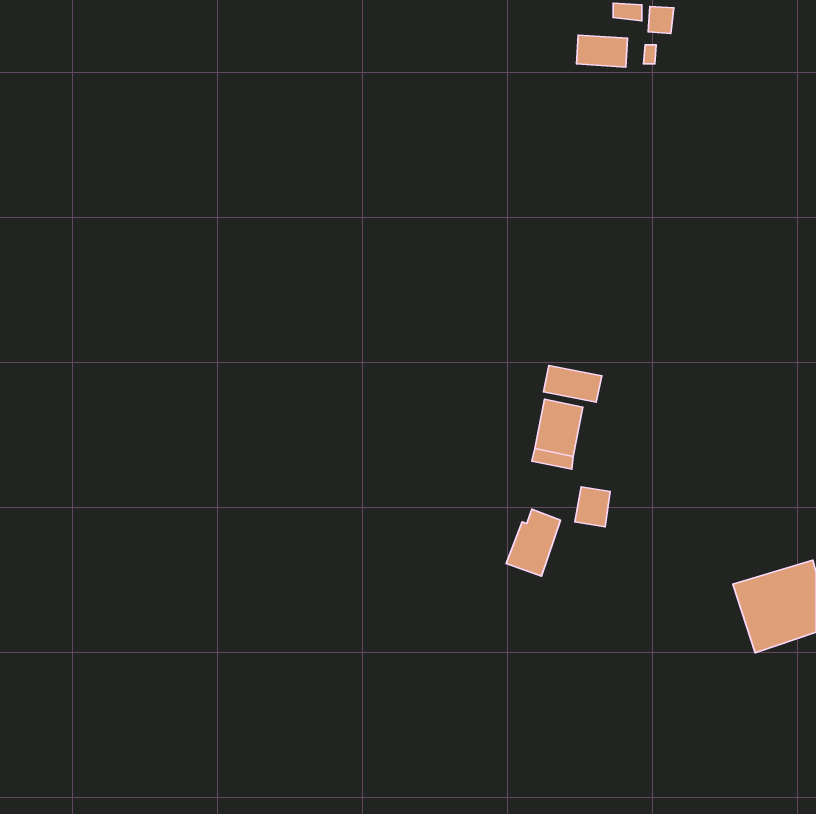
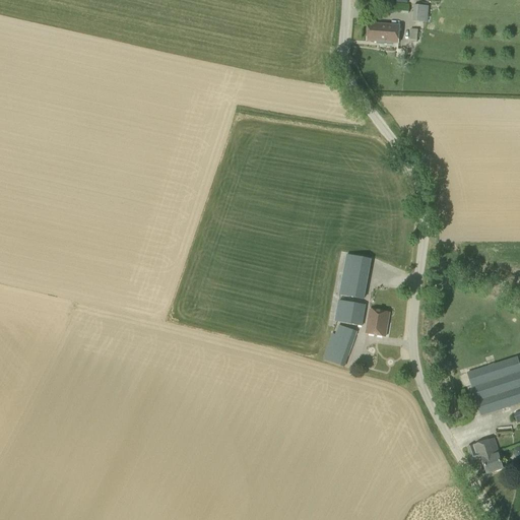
building: [544,366,602,402] -> none
building: none -> [335,300,367,325]
building: none -> [467,438,503,472]

